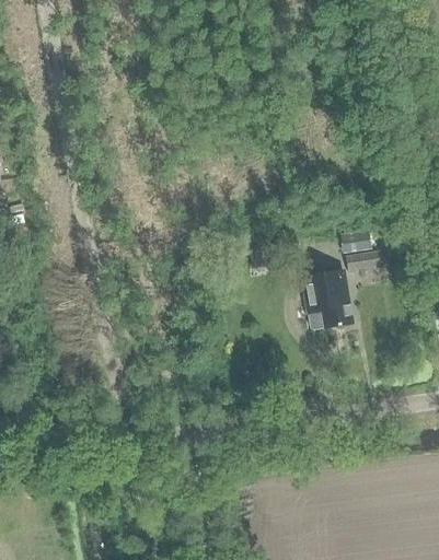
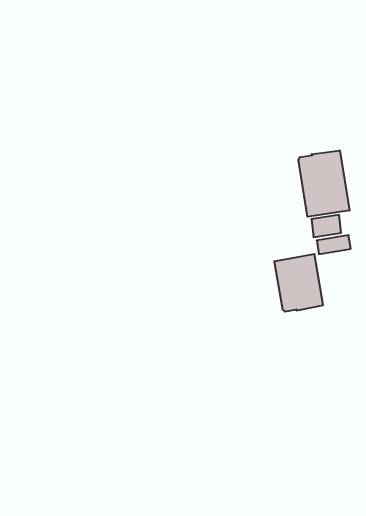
building: none -> [299,150,350,217]

